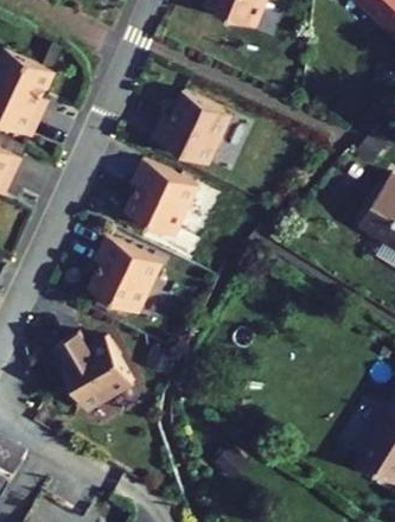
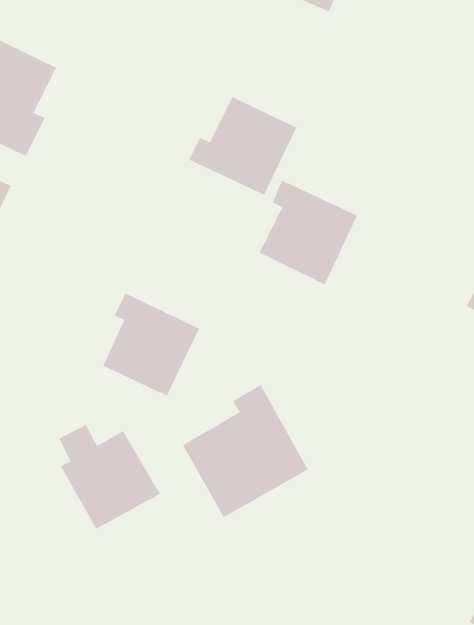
building: [125,157,197,234] -> [259,180,358,285]
building: none -> [182,384,308,518]

